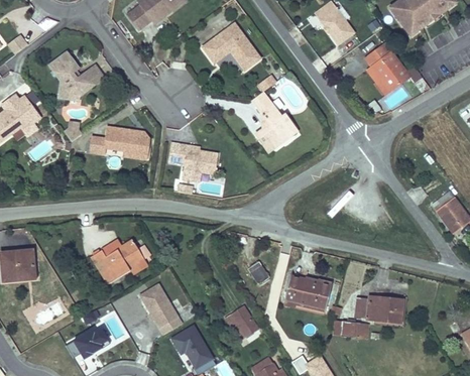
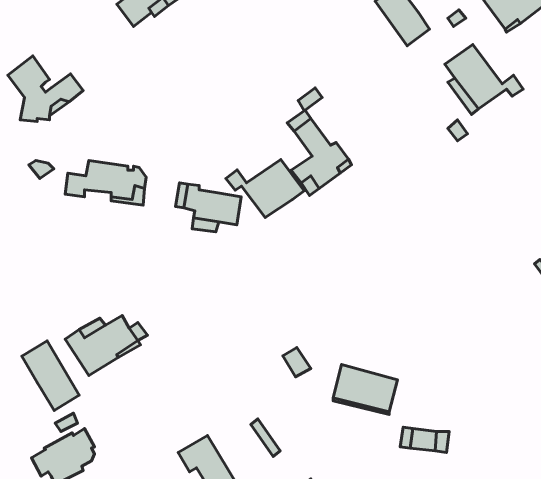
building: [203,23,260,70] -> none
building: none -> [226,160,304,217]
building: [141,283,183,334] -> [22,341,79,411]
building: [355,296,402,322] -> none
building: [230,305,258,337] -> none

